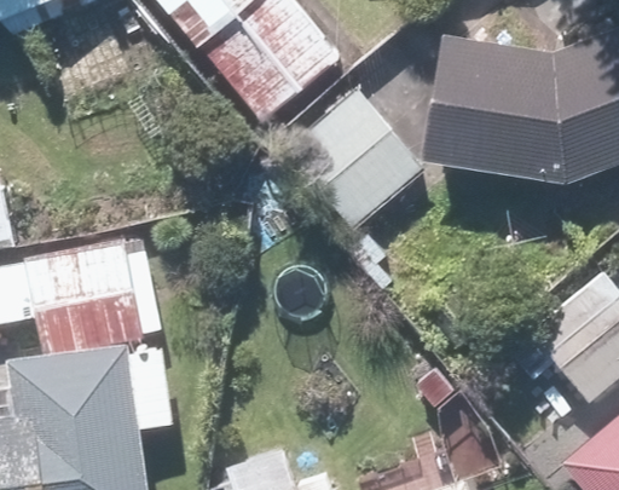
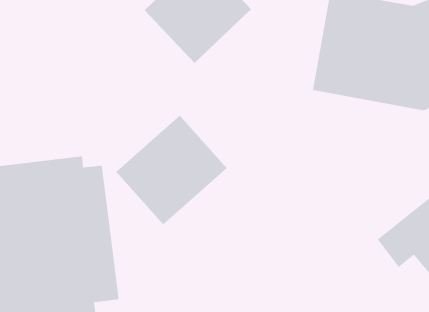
building: [280,91,428,238] -> none
building: none -> [116,115,227,225]

